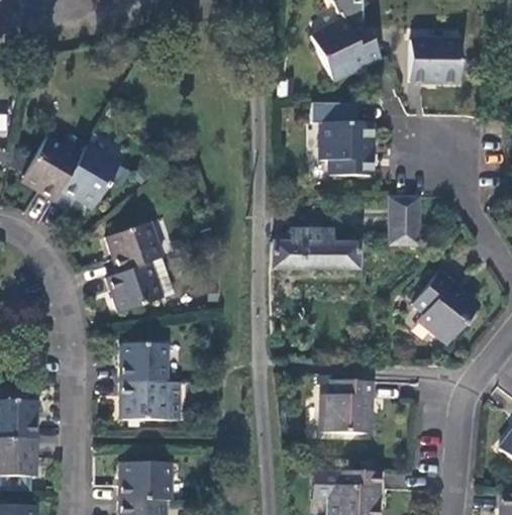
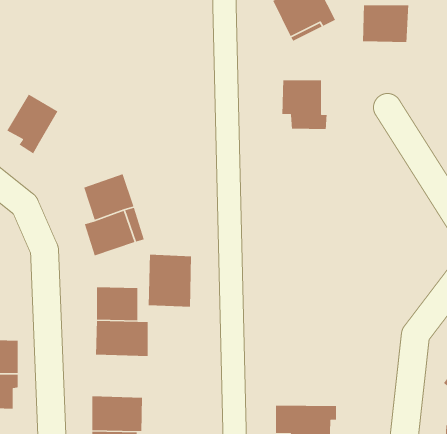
building: [62,143,121,204] -> none
building: [391,197,419,244] -> none
building: [270,227,362,270] -> none
building: [414,271,476,341] -> none
building: none -> [148,254,192,308]
building: [322,380,373,433] -> none

